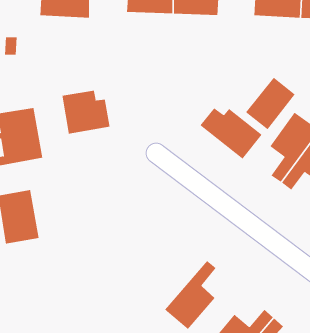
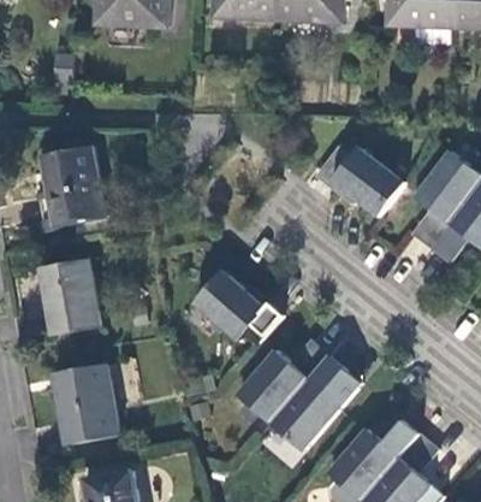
building: [245,77,295,130] -> none
building: [62,90,110,134] -> none
building: none -> [195,271,279,343]
building: none -> [236,344,327,424]
building: none -> [54,366,118,445]

